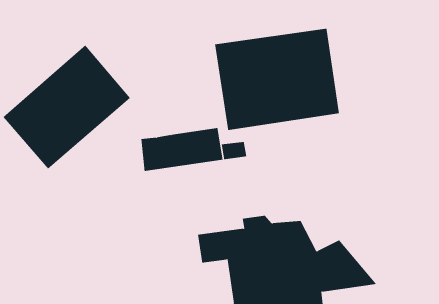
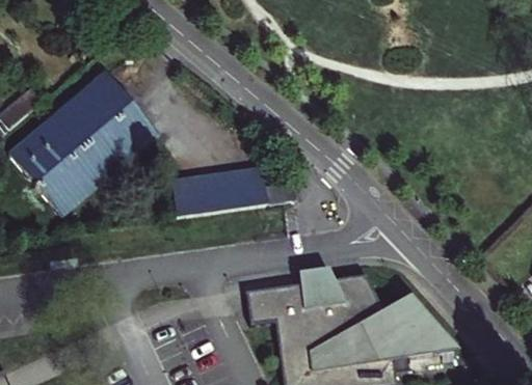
building: [214,28,339,131] -> none

